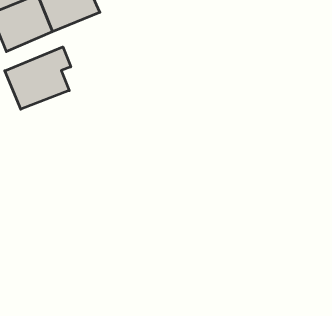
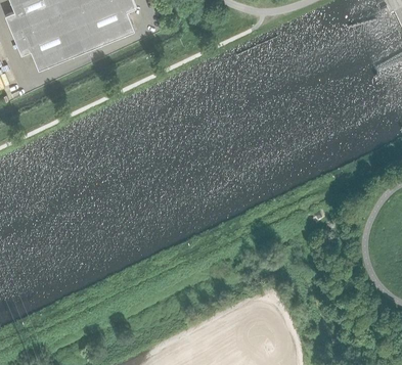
building: [5,47,71,109] -> none

